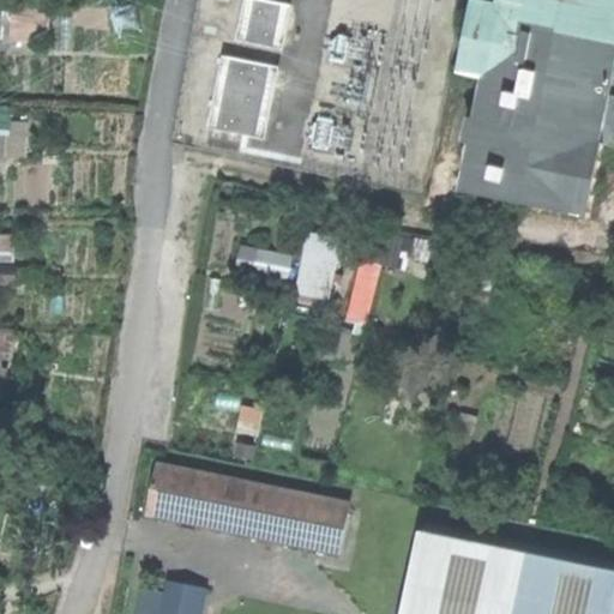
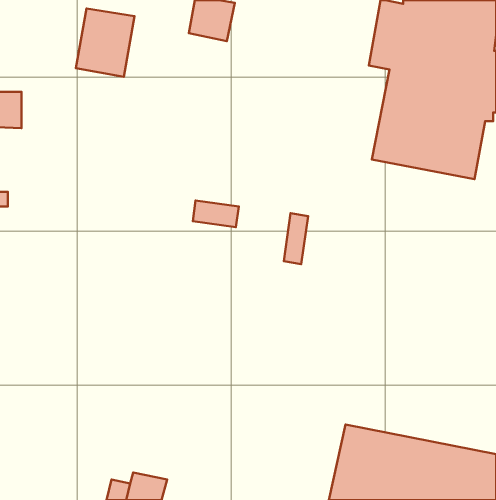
building: [203,56,275,140] -> [76,8,135,77]
building: [294,230,343,301] -> none
building: [142,464,349,554] -> none

